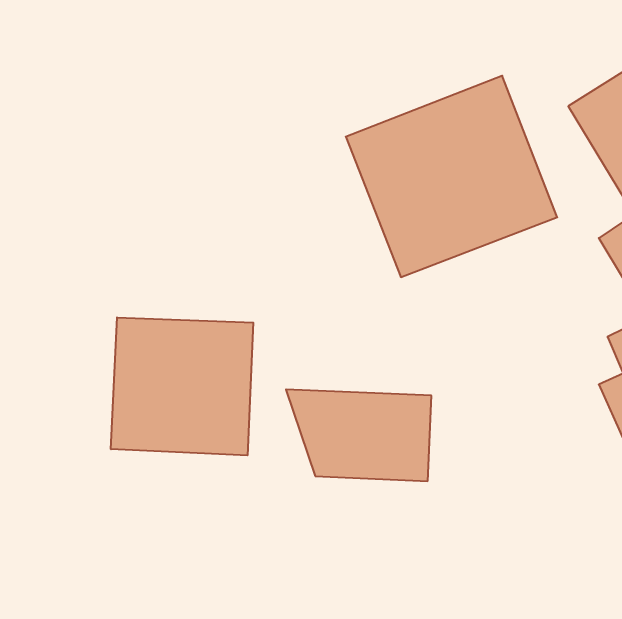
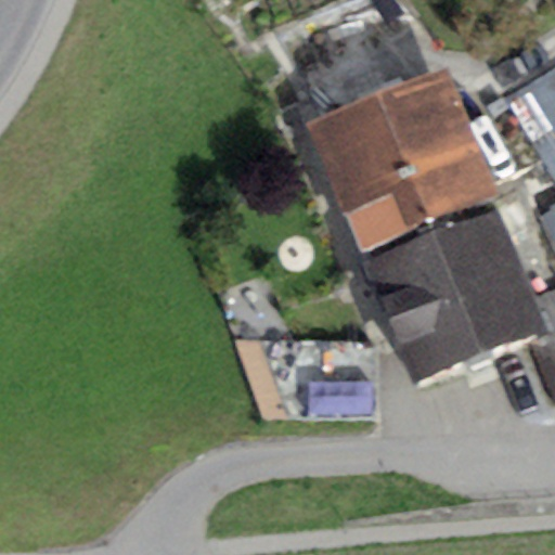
building: none -> [366,210,544,379]
building: [111,317,253,455] -> none

